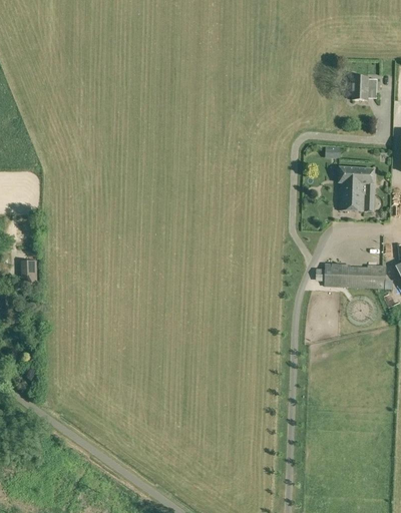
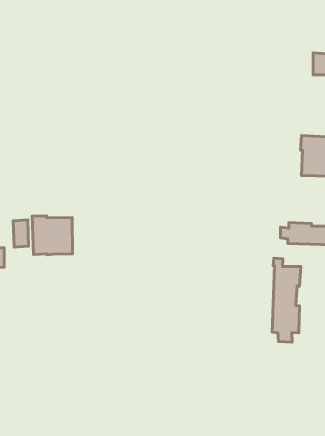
building: none -> [32,216,72,255]
building: none -> [272,258,301,342]

